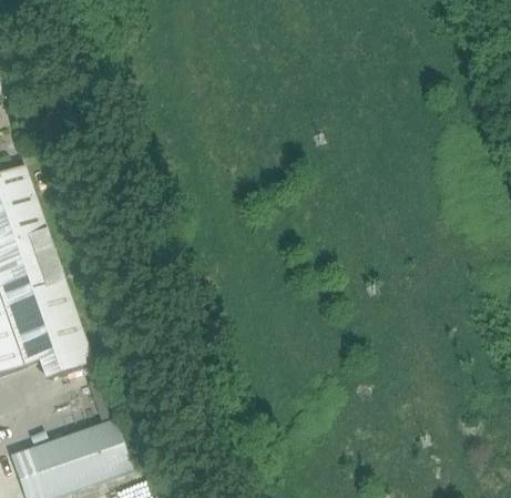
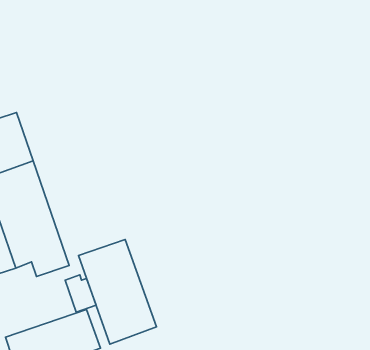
building: none -> [79,239,157,344]

